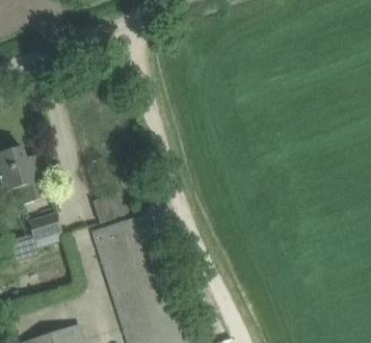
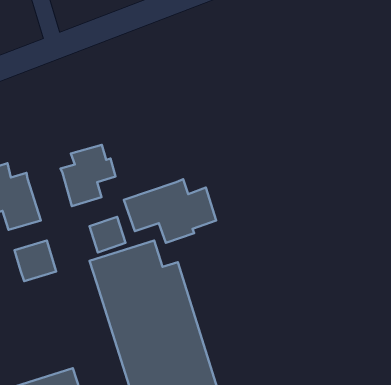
building: none -> [61,145,116,206]
building: none -> [124,179,216,243]

